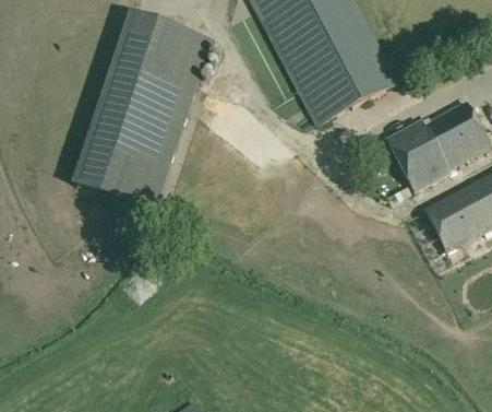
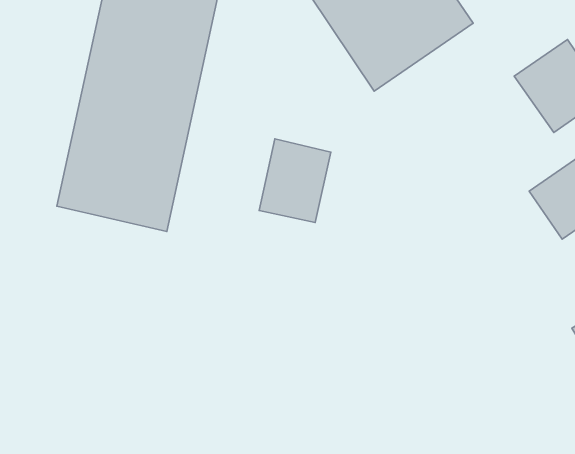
building: [387,120,451,191] -> none
building: none -> [259,139,331,223]

